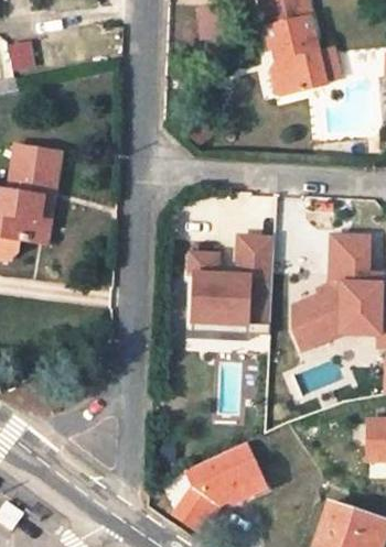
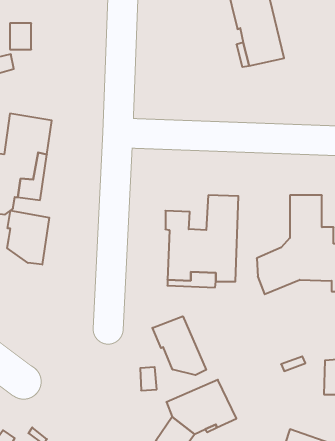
building: none -> [7,211,49,265]
building: none -> [152,316,206,375]

